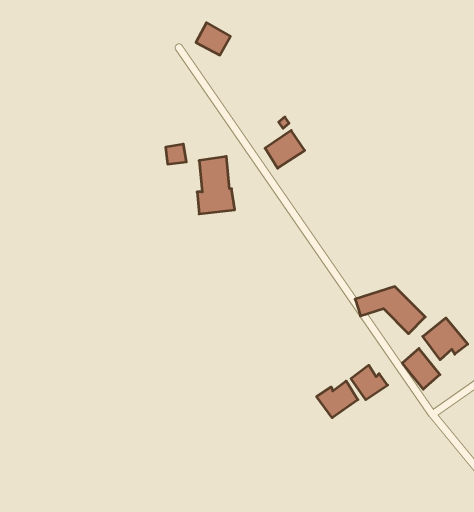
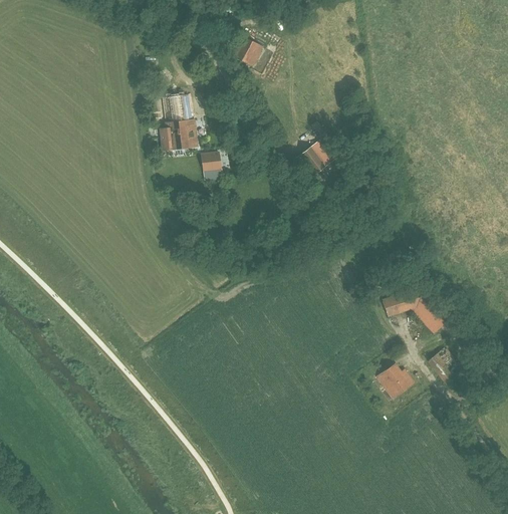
building: [197,156,235,214] -> [161,95,197,151]
building: [423,318,468,360] -> none
building: [317,381,358,418] -> none

